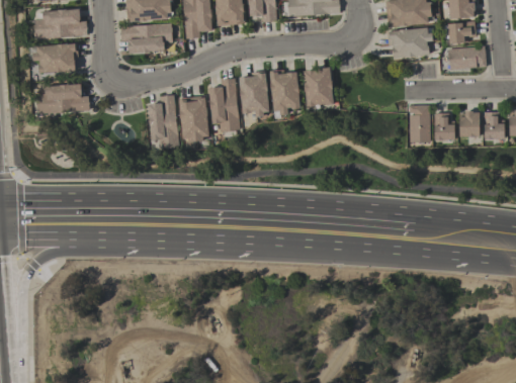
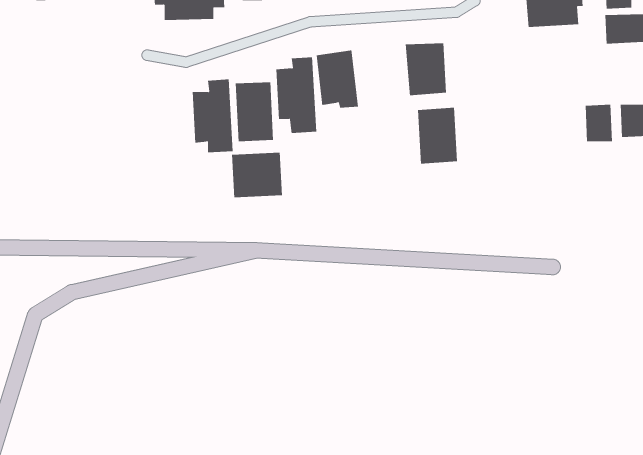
building: [33,44,76,73] -> none
building: [270,71,299,112] -> [417,107,458,164]
building: [37,85,88,113] -> none
building: [409,105,429,142] -> none
building: none -> [232,152,283,198]

